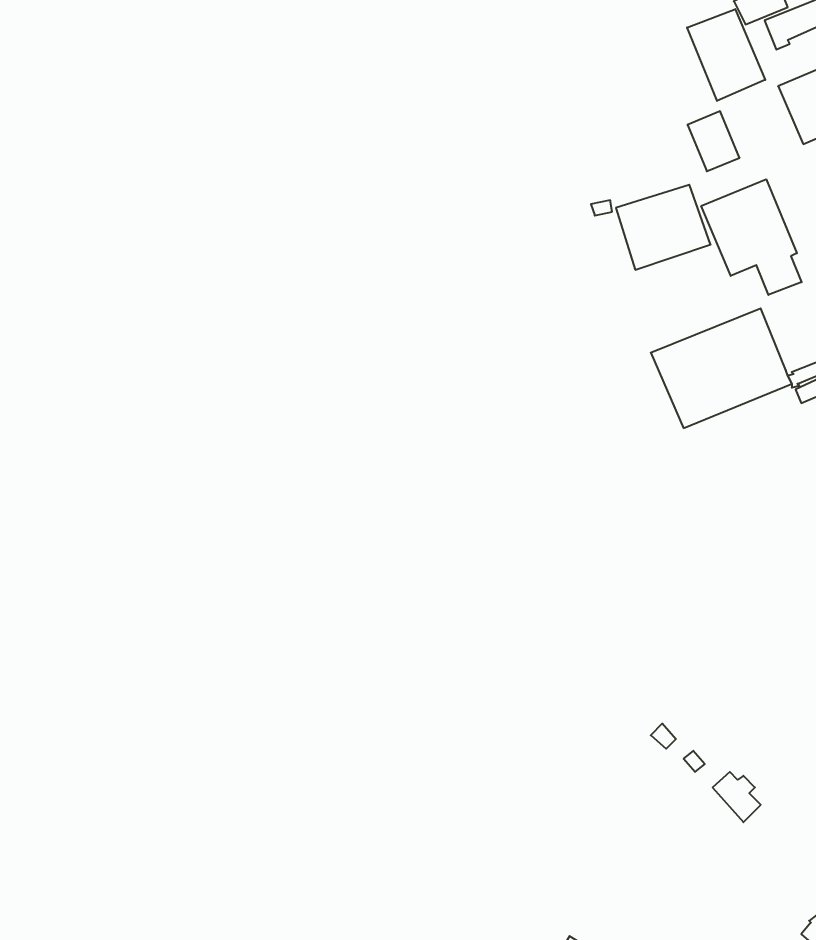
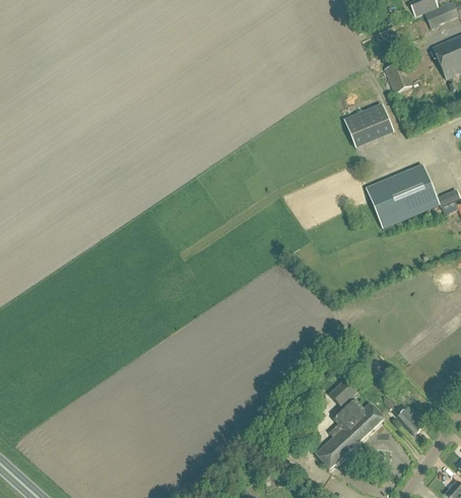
building: [687,9,765,101] -> none
building: [701,179,802,295] -> none
building: none -> [316,378,384,469]

